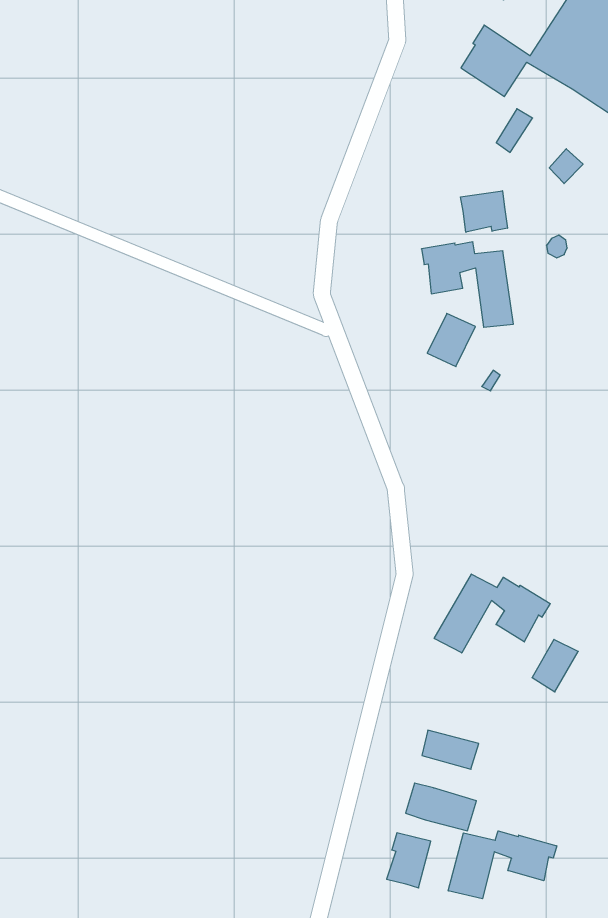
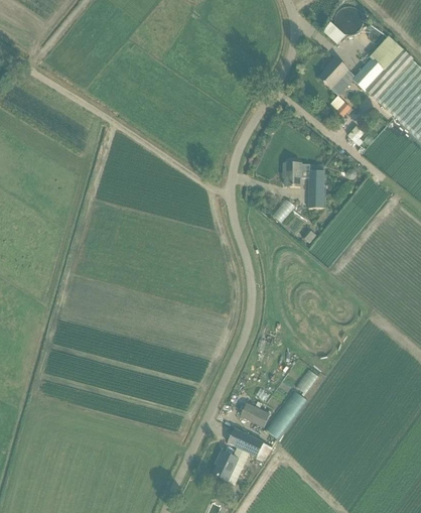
building: [461,191,507,232] -> none
building: [434,574,550,653] -> none
building: [448,831,557,899] -> none

